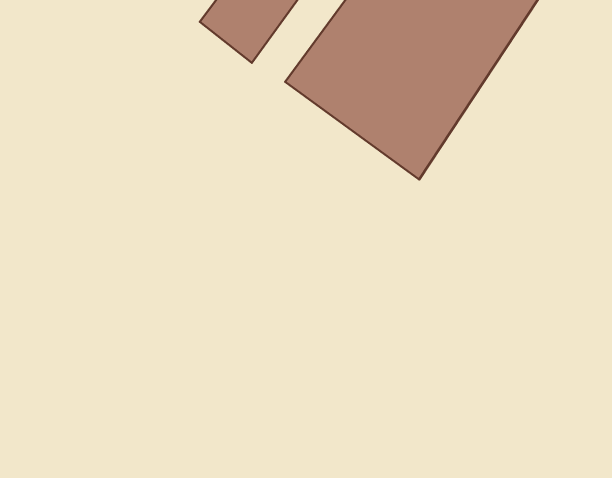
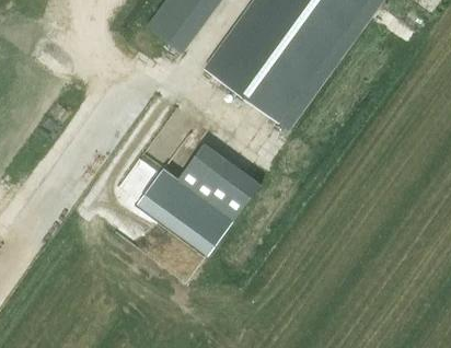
building: none -> [136,143,261,257]

